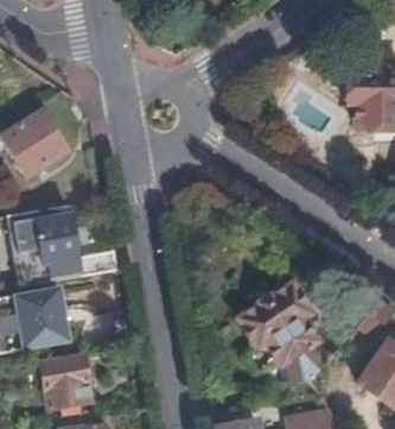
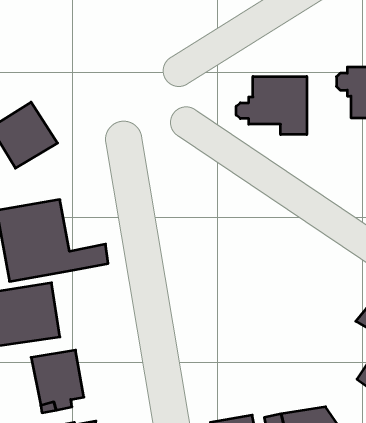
building: none -> [236,76,307,135]
building: [240,283,333,383] -> none

